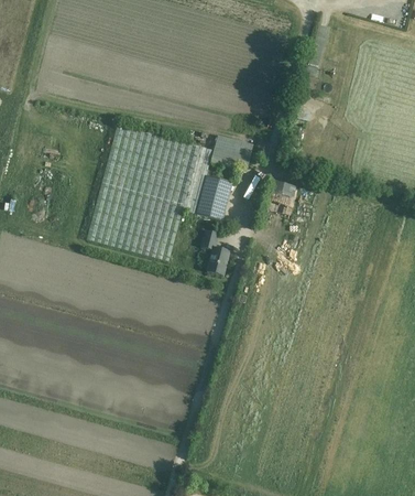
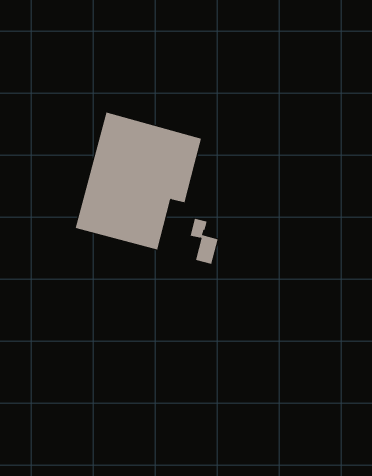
building: [196,174,231,219] -> none

